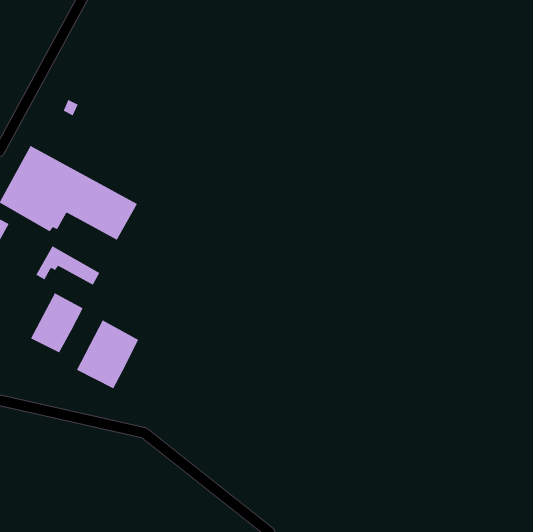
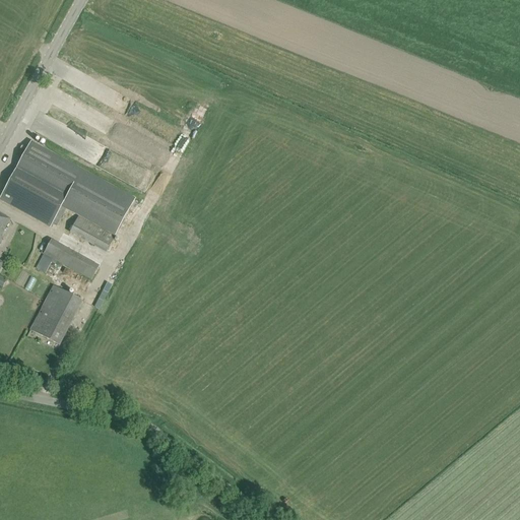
building: none -> [70,214,114,249]
building: [76,320,139,389] -> none

